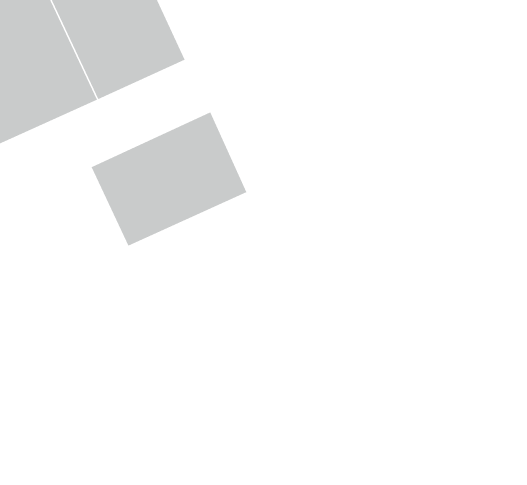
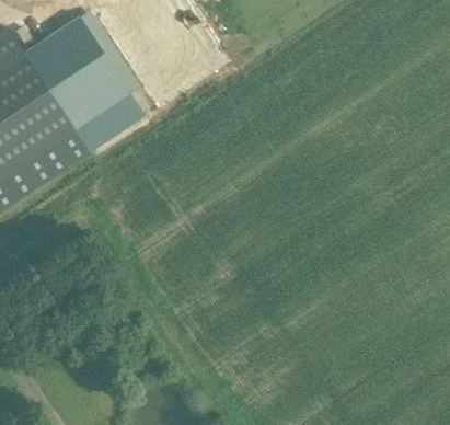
building: [91,112,247,247] -> none

